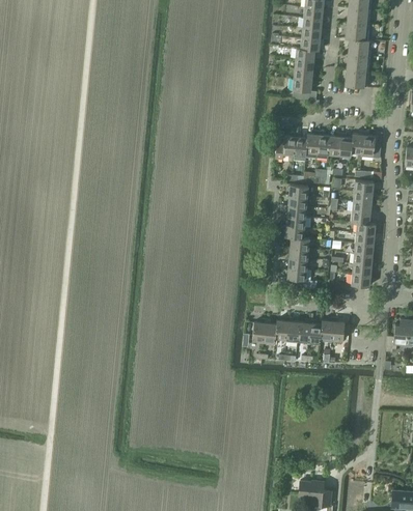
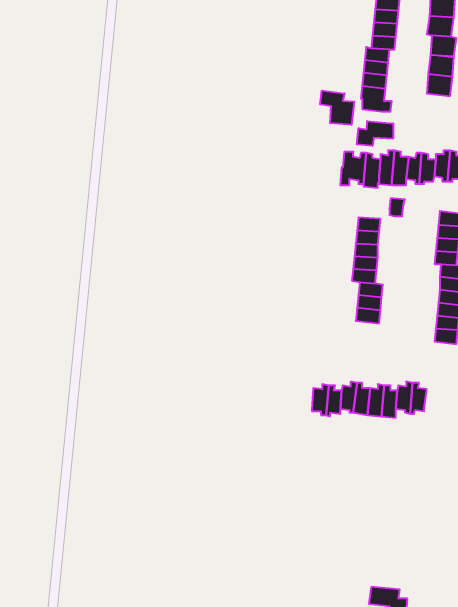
building: none -> [320,91,354,125]
building: none -> [357,121,393,146]
building: [281,267,307,288] -> none

